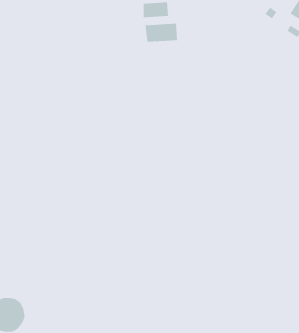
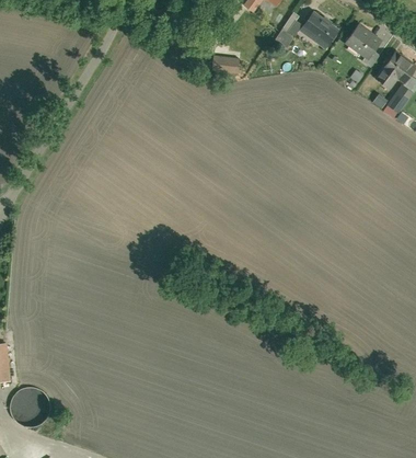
building: [145,23,178,43] -> none

